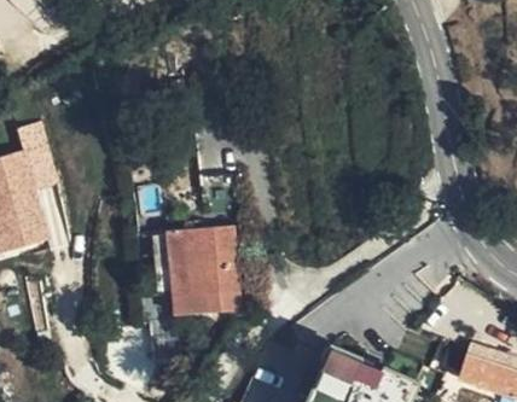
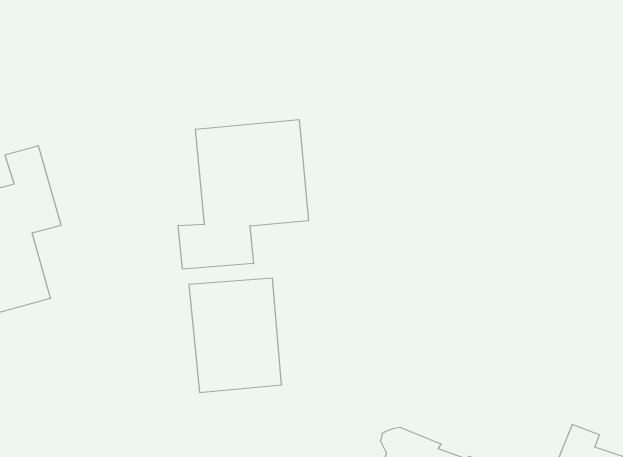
building: none -> [178,120,309,269]

